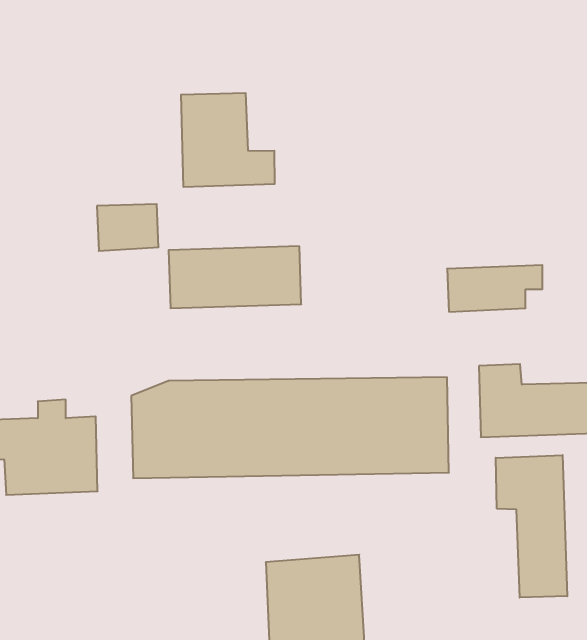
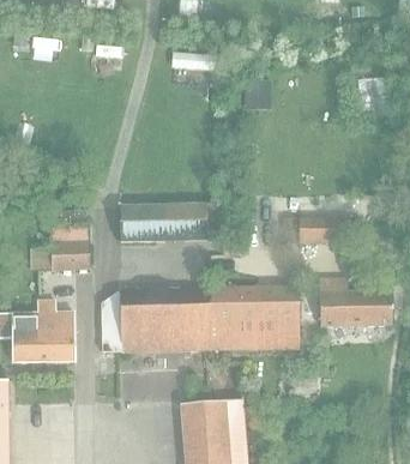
building: [181,93,275,187] -> none
building: [97,204,159,251] -> [47,242,86,272]
building: [496,455,567,598] -> none

